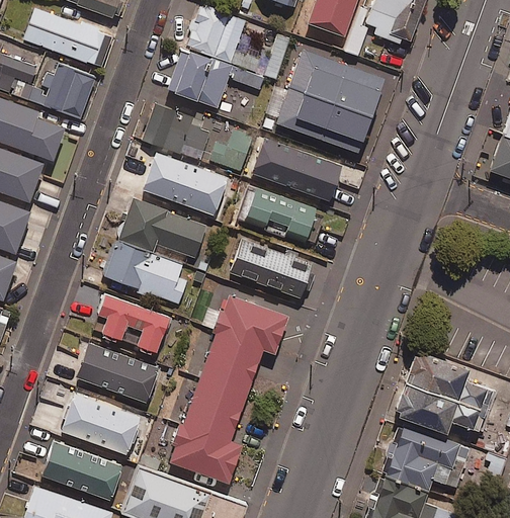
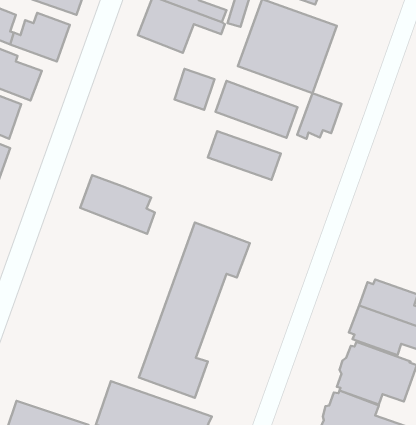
building: [144,106,209,159] -> none
building: none -> [297,93,342,139]
building: [143,153,227,214] -> none
building: [118,200,205,258] -> none
building: [231,242,311,297] -> none
building: [92,294,168,352] -> none
building: [77,344,158,402] -> none
building: [61,397,139,454] -> none
building: [41,444,120,500] -> none

